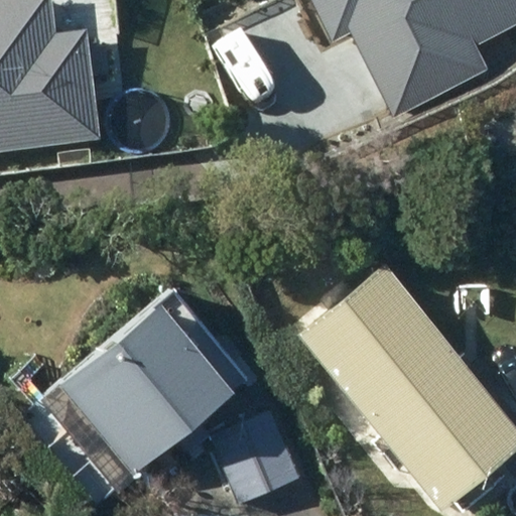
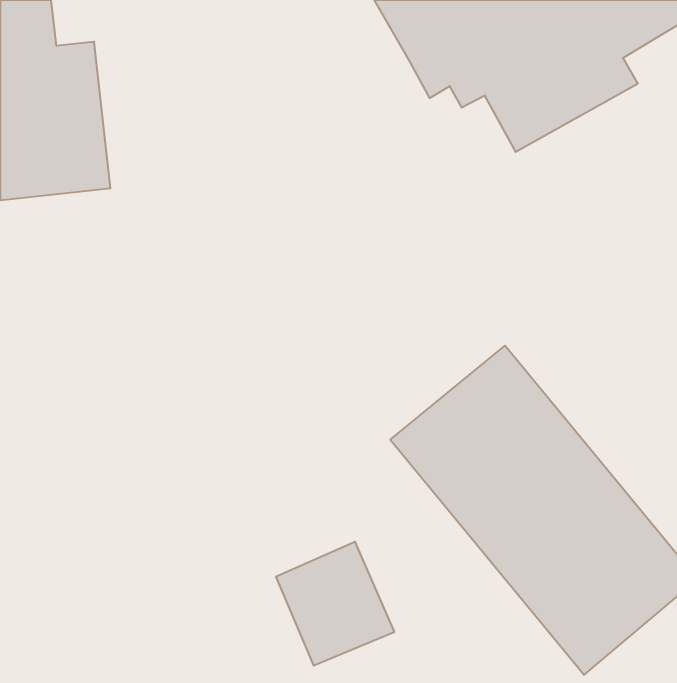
building: [45,300,233,484] -> none

